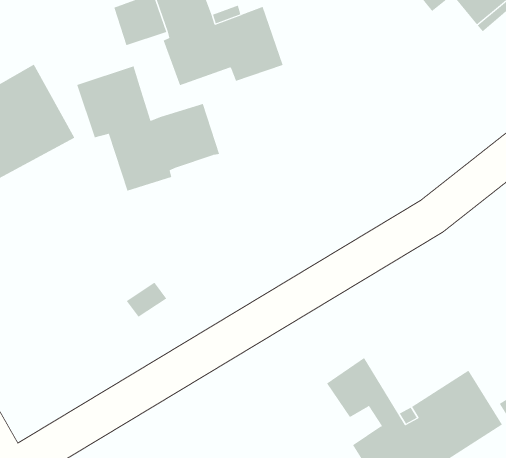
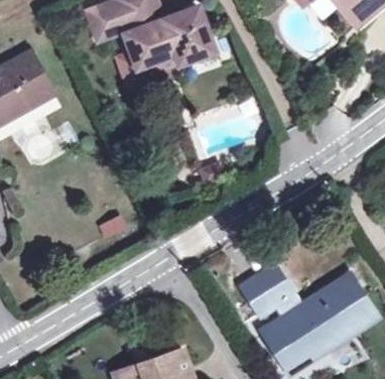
building: [76,65,220,192] -> none

